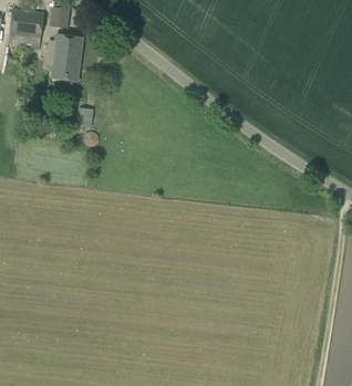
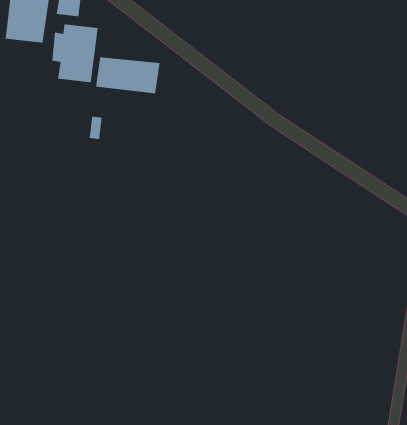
building: none -> [96,56,160,94]

